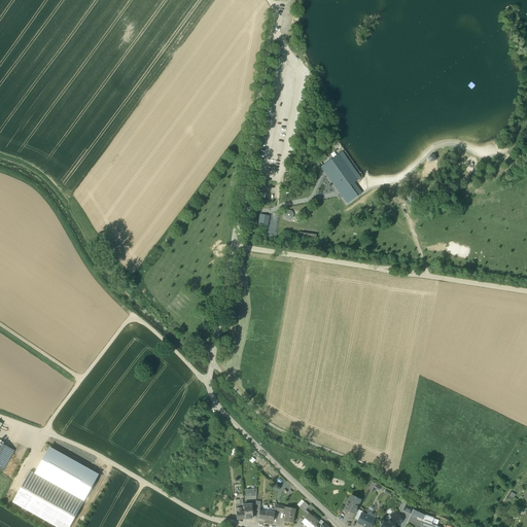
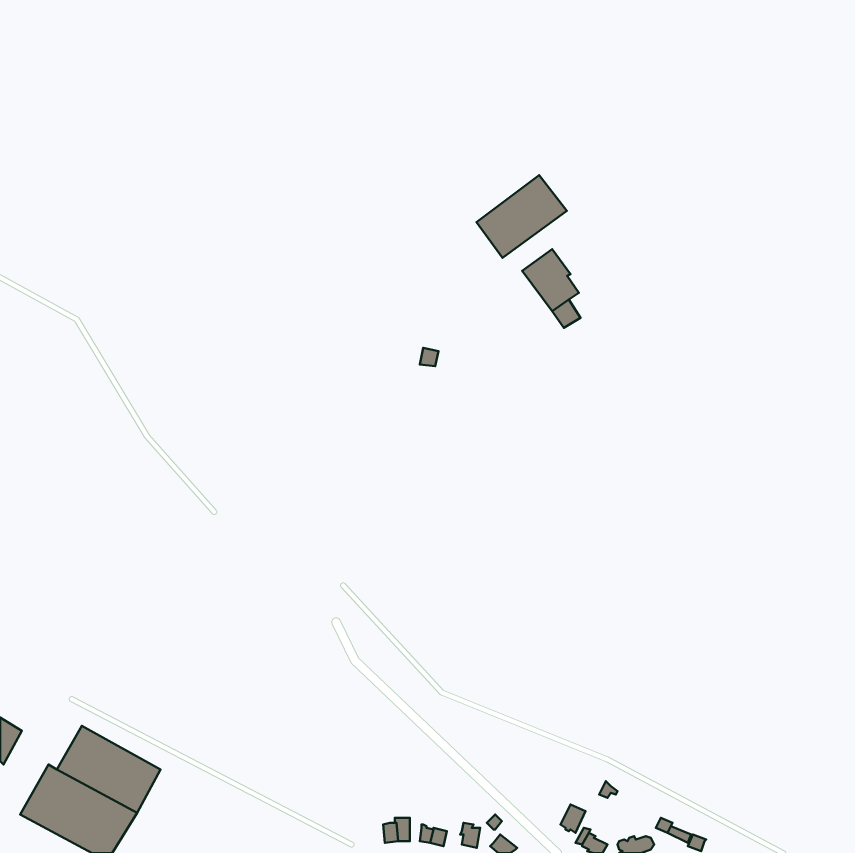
building: none -> [476,175,567,258]

